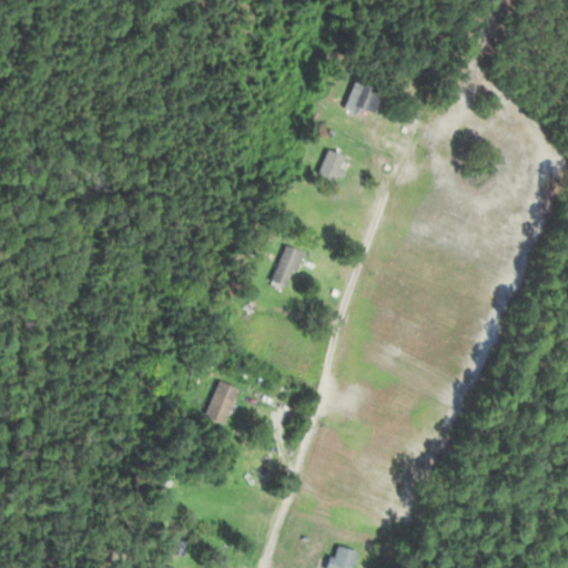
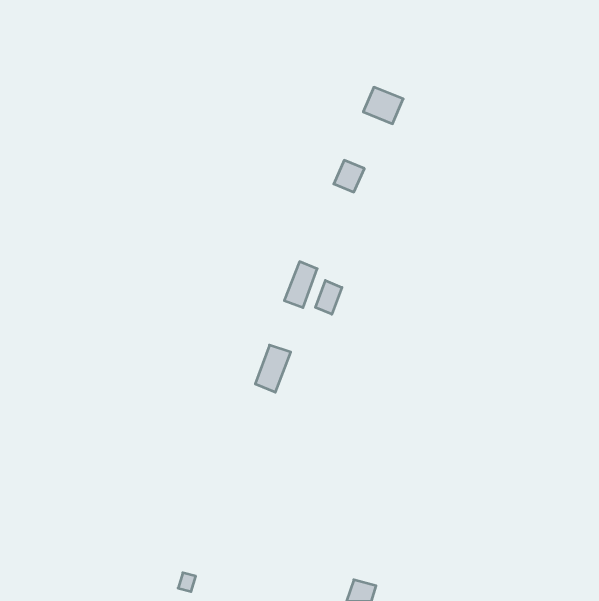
building: none -> [315,280,342,314]
building: [204,382,237,426] -> [255,345,291,392]

